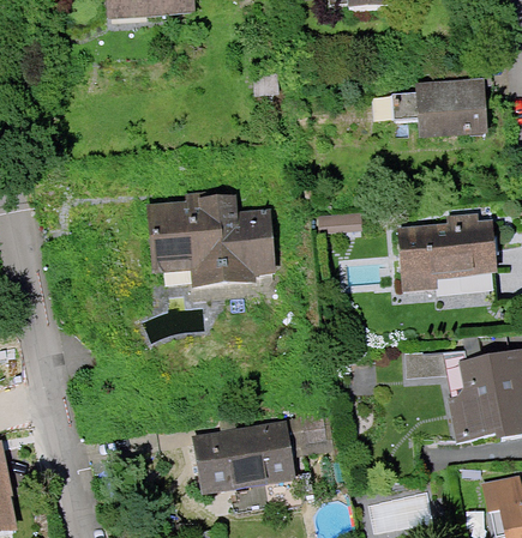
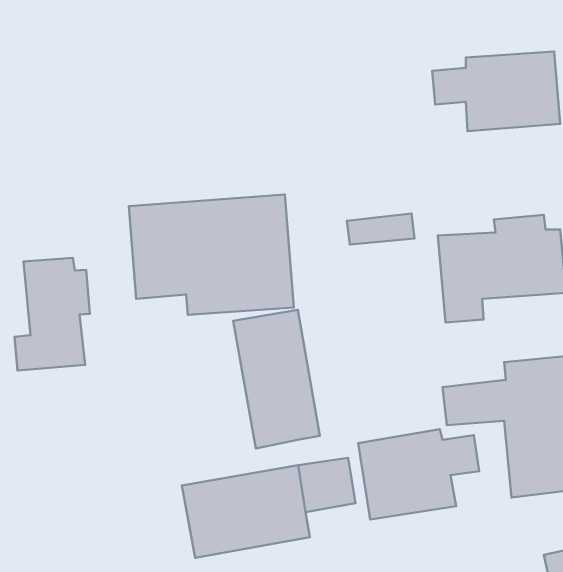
building: none -> [15,258,90,371]
building: none -> [233,310,320,448]
building: none -> [358,429,479,520]

